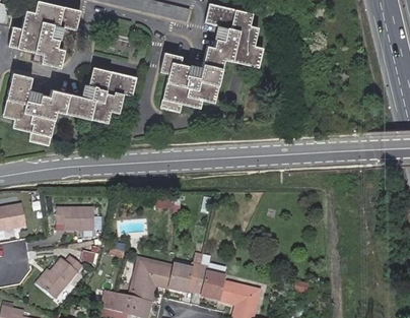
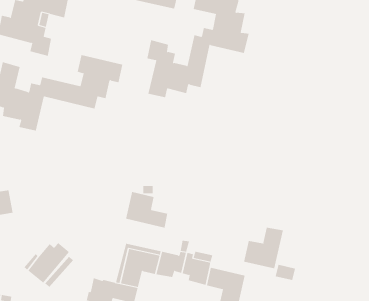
building: none -> [125,191,168,229]
building: [56,207,94,231] -> none
building: none -> [243,227,284,269]

